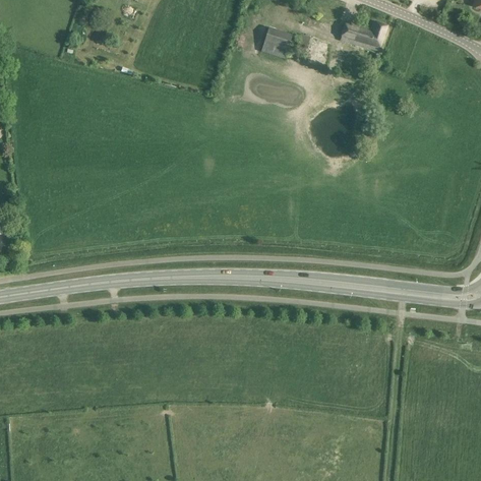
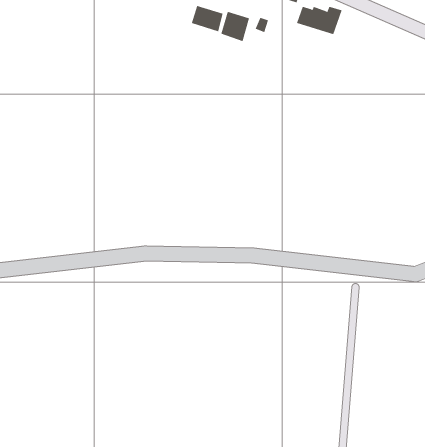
building: none -> [191,5,223,32]

